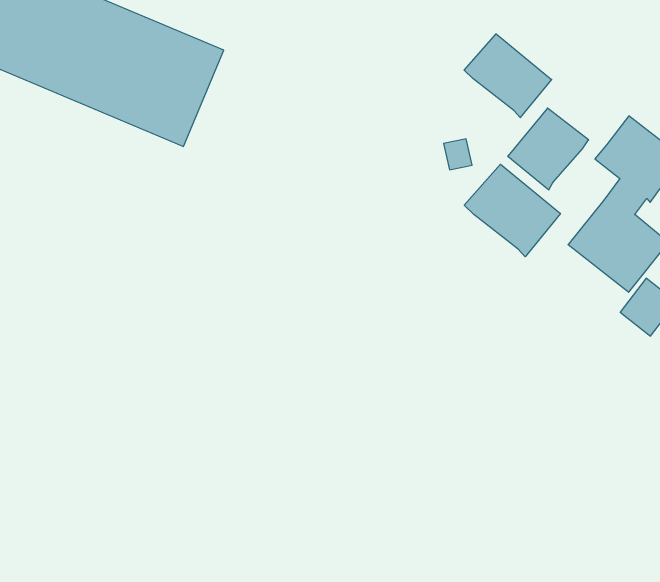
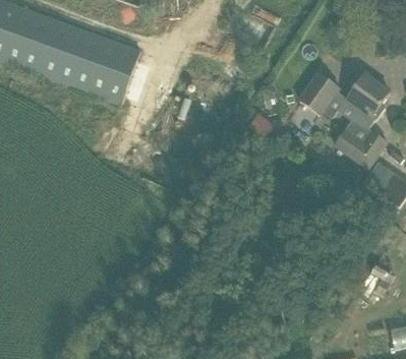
building: [464,34,552,118] -> none
building: [464,164,560,257] -> none

